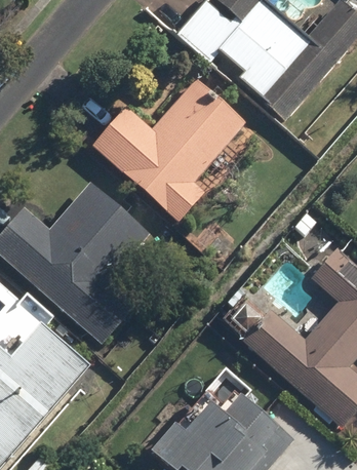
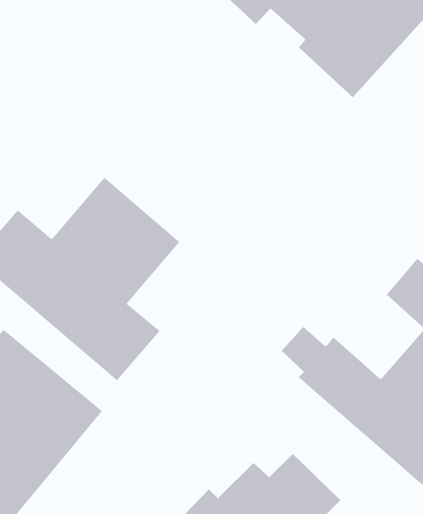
building: [88,77,243,221] -> none

